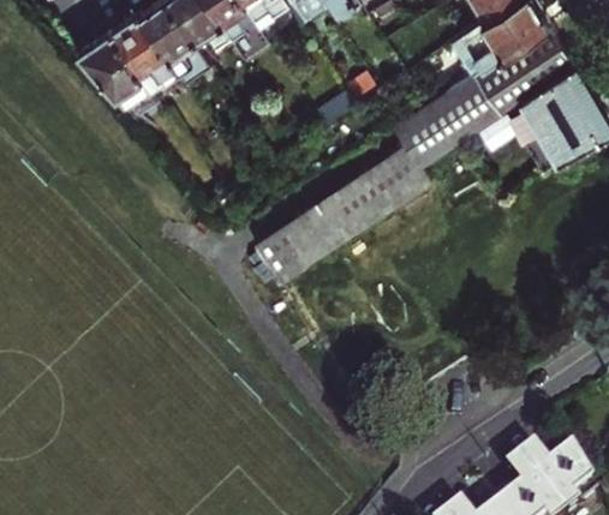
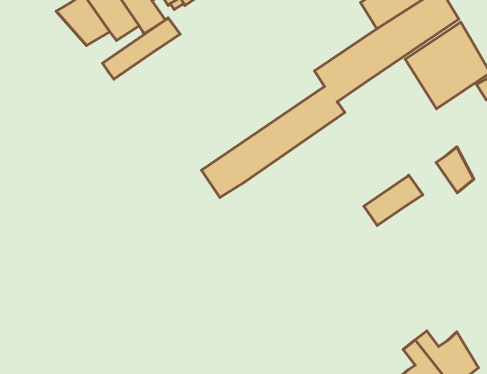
building: none -> [103,18,180,79]
building: none -> [436,147,474,193]
building: none -> [364,175,423,225]

